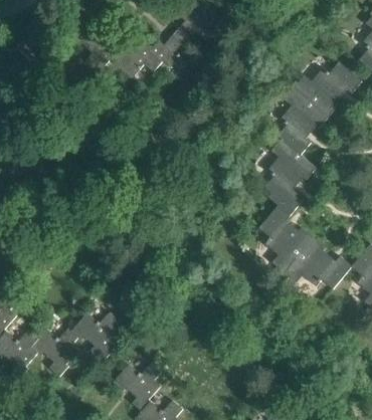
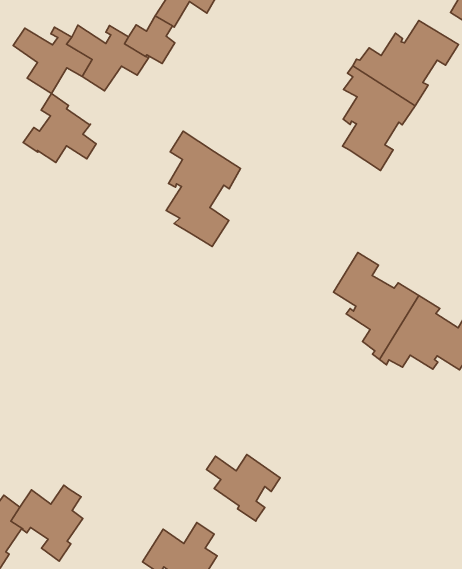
building: none -> [23,94,96,162]
building: [264,139,316,215] -> [166,131,240,246]
building: [72,312,120,362] -> none
building: none -> [206,455,280,521]

